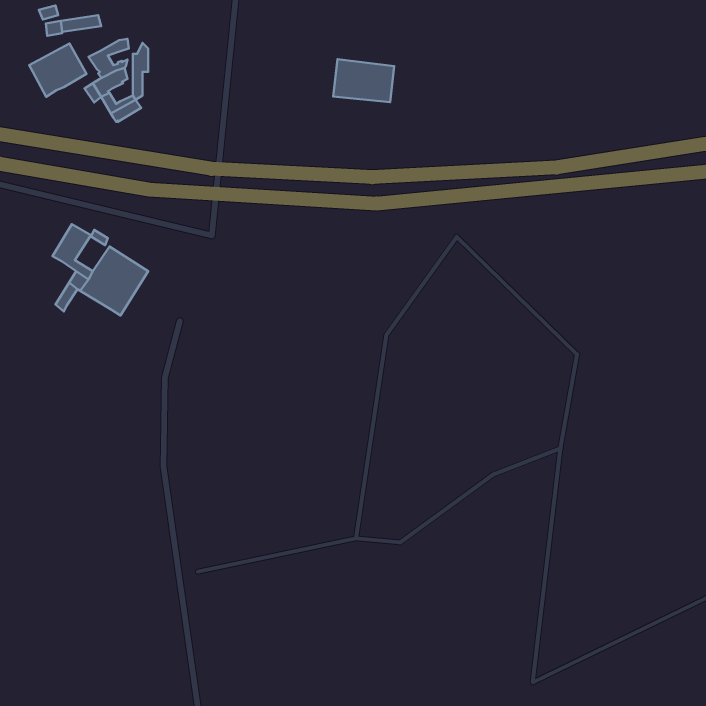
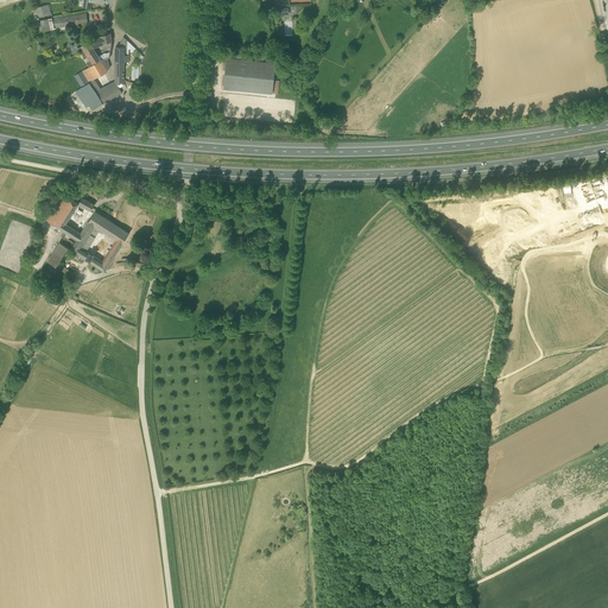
building: [29,43,87,97] -> none
building: [333,59,394,102] -> [222,58,274,95]

